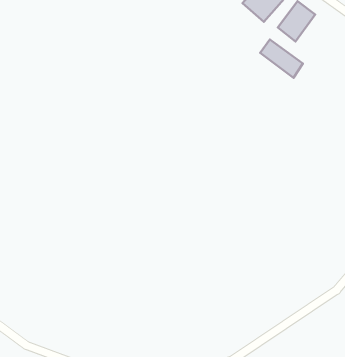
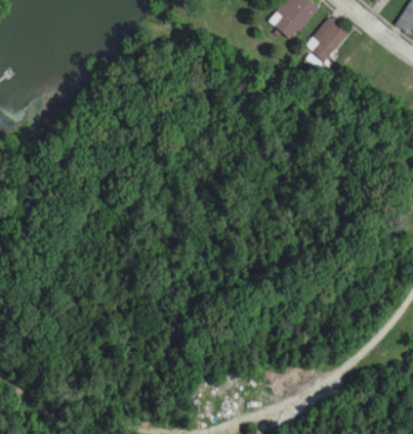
building: [260,40,303,78] -> none

